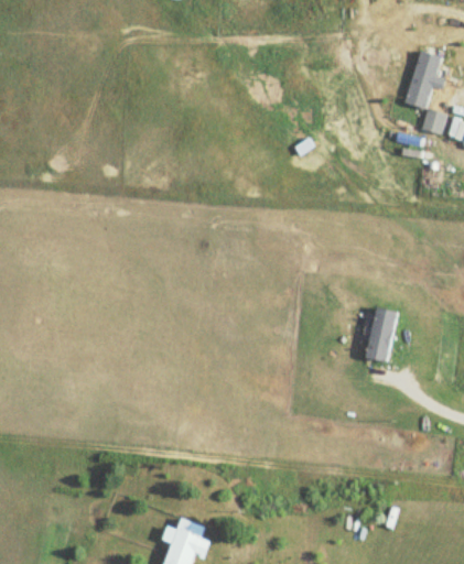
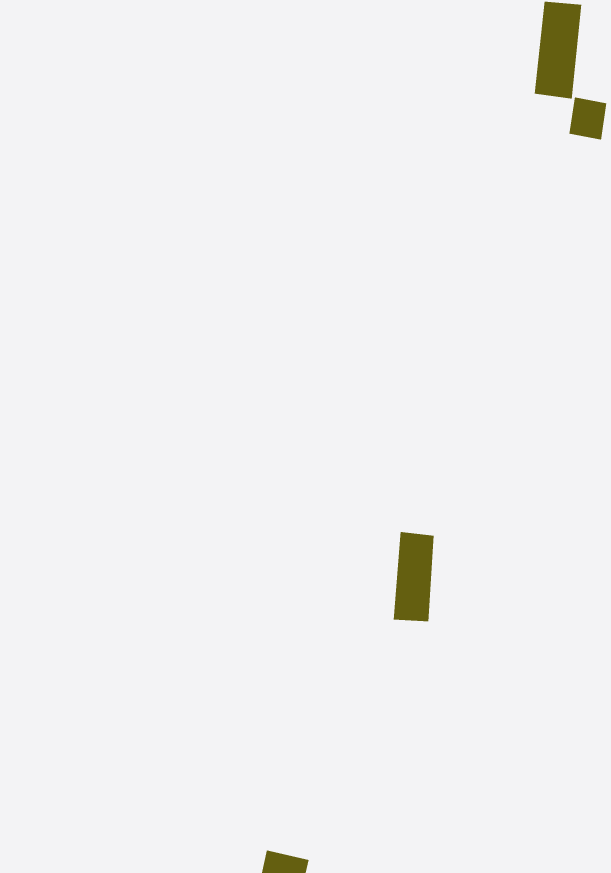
building: [366,307,398,362] -> [393,531,434,622]

